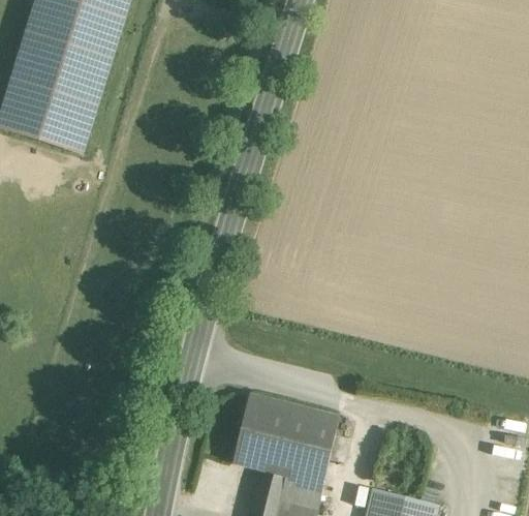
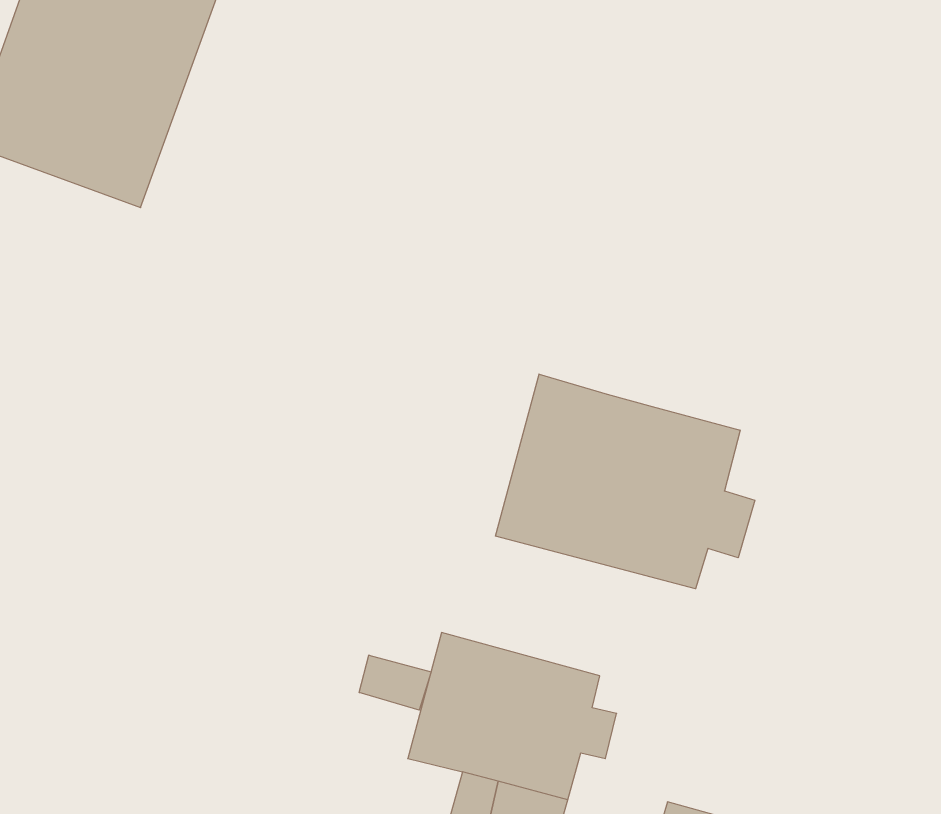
building: none -> [496,374,755,589]
building: none -> [359,655,431,710]

